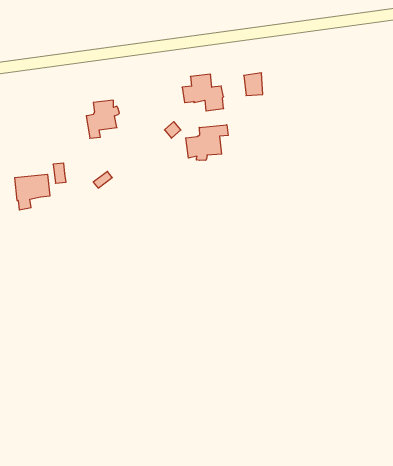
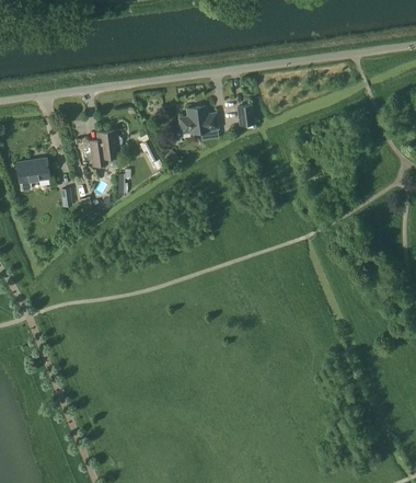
building: [186,125,228,160] -> none
building: [15,174,50,210] -> [15,158,48,191]

